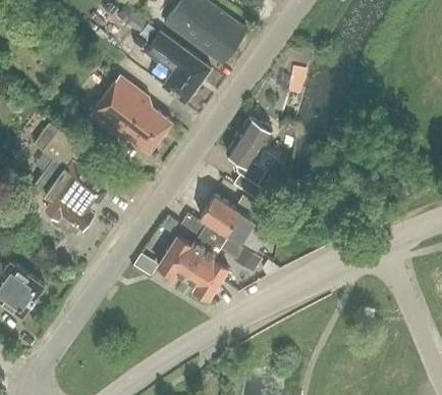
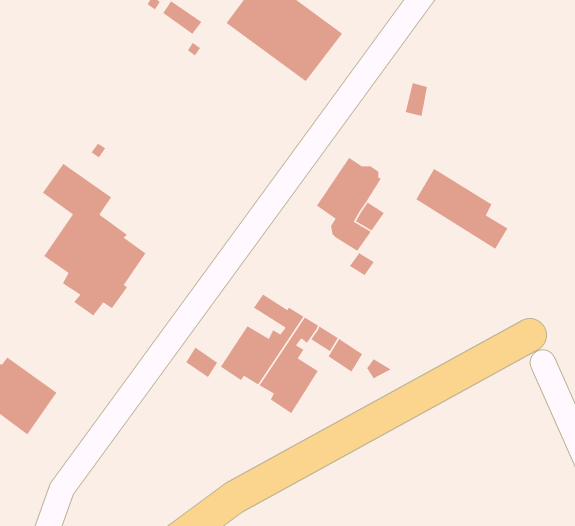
building: [145,31,211,102] -> none
building: [90,76,171,153] -> none
building: [202,197,268,255] -> [415,168,508,250]

